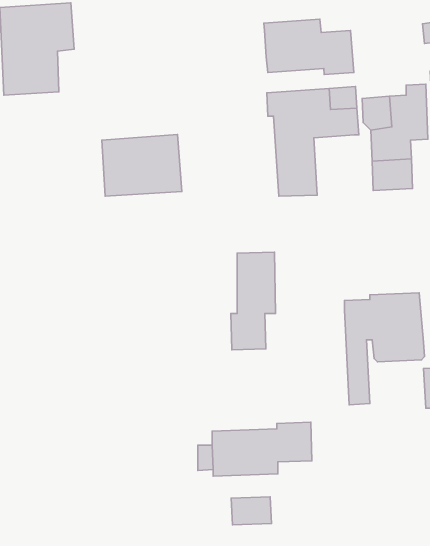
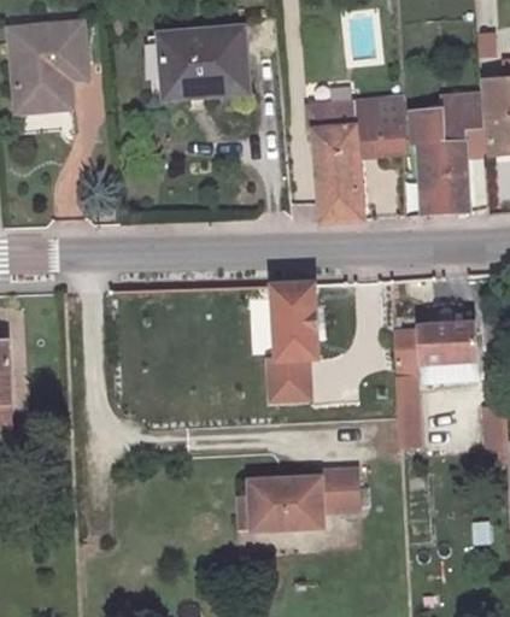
building: [264,19,354,75] -> none
building: [102,135,182,196] -> [160,25,248,93]
building: [231,497,271,525] -> none

